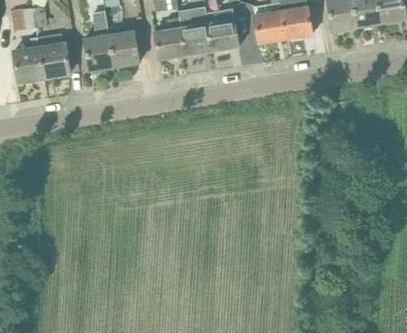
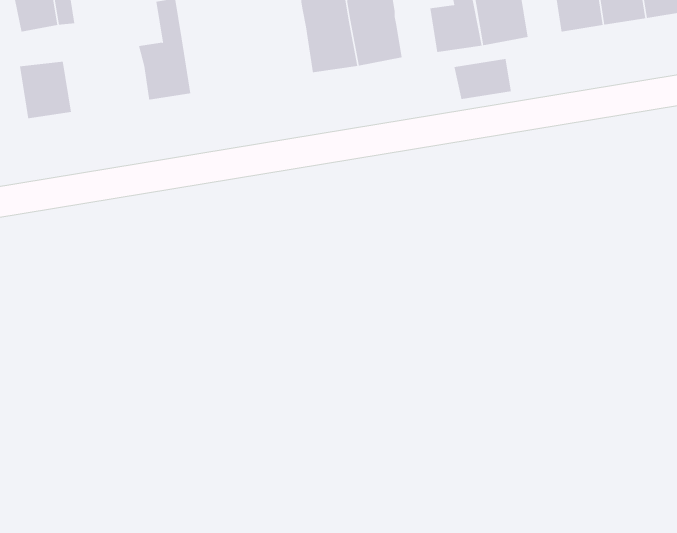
building: [155,18,186,60] -> none
building: [110,31,140,67] -> none
building: [38,34,70,78] -> none
building: none -> [454,58,512,100]

